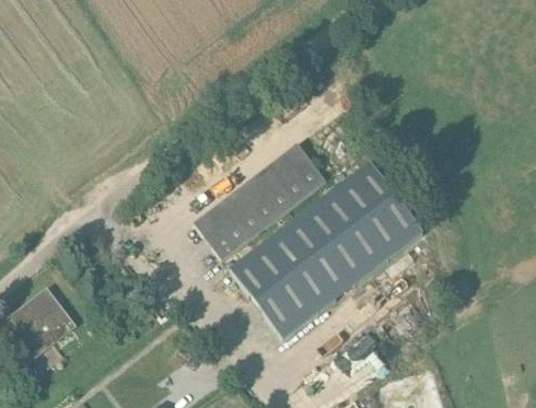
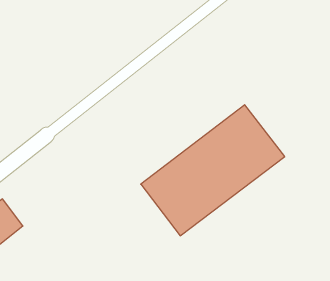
building: [194,144,326,260] -> none

